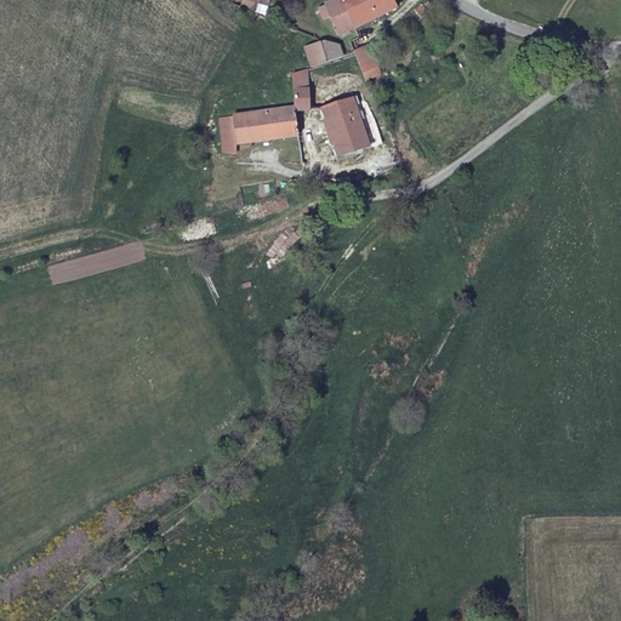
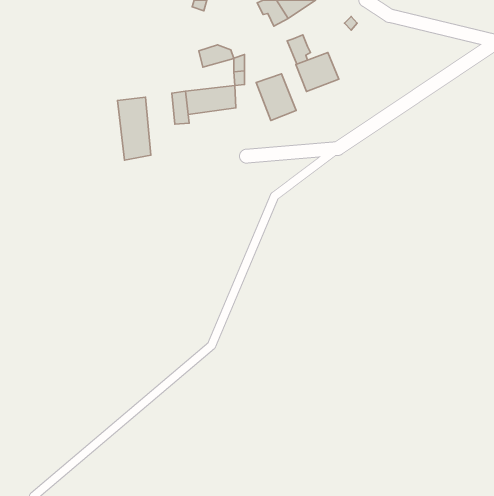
building: [306,38,349,65] -> [199,45,234,67]
building: none -> [296,53,339,92]
building: none -> [117,97,151,160]

